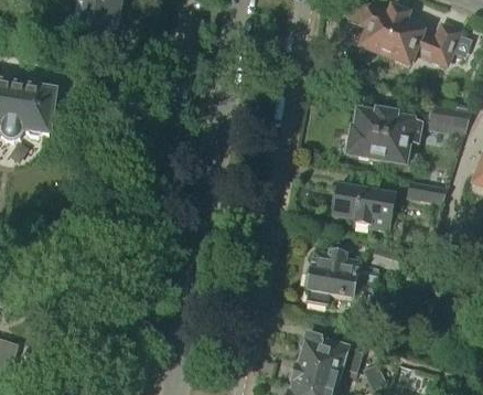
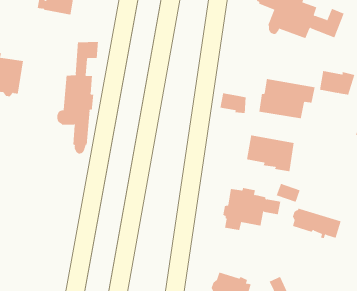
building: none -> [57,41,99,154]
building: none -> [220,92,246,114]
building: [407,179,444,202] -> none
building: [301,332,363,371] -> [292,208,341,239]

